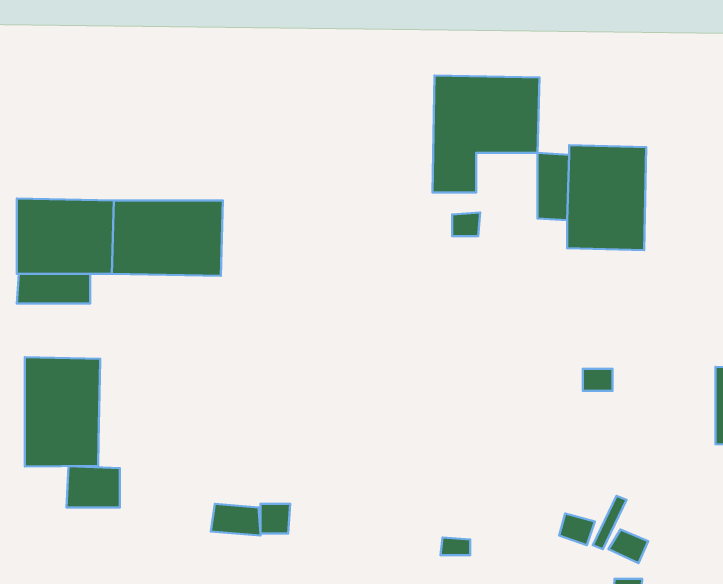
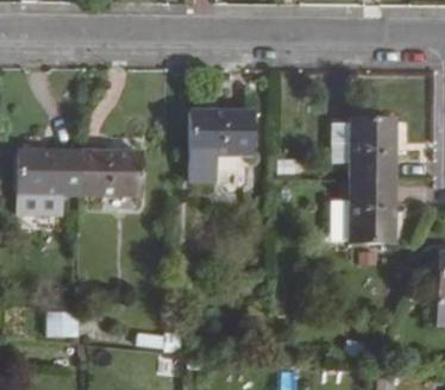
building: [433,76,539,193] -> [188,111,252,181]
building: none -> [347,181,394,245]
building: [25,357,100,466] -> none

